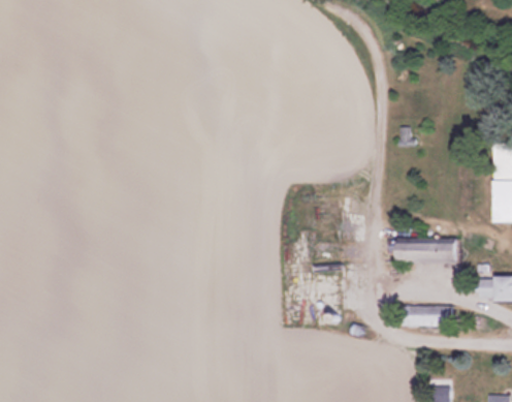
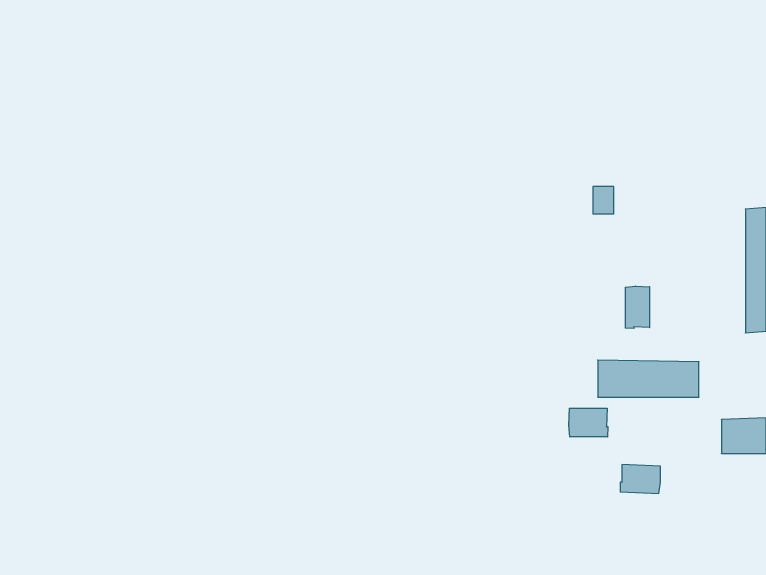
building: none -> [625,286,650,328]
building: none -> [569,408,608,437]

